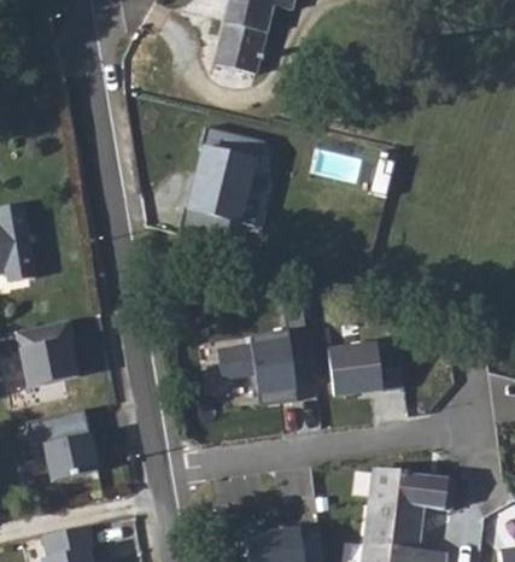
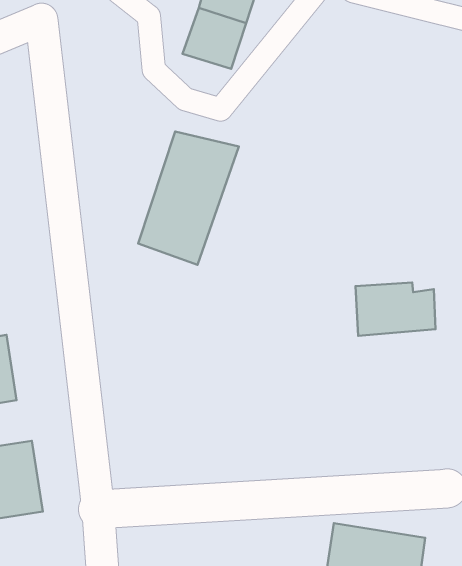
building: [215,333,297,394] -> none
building: [327,346,399,396] -> [356,282,436,336]

